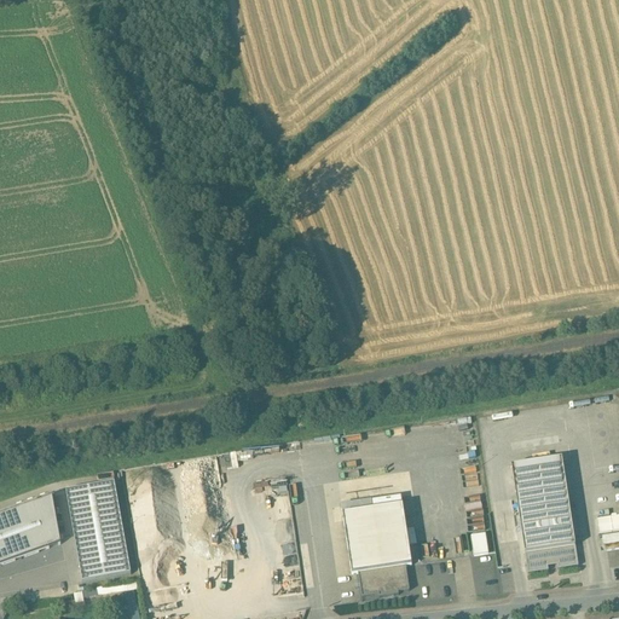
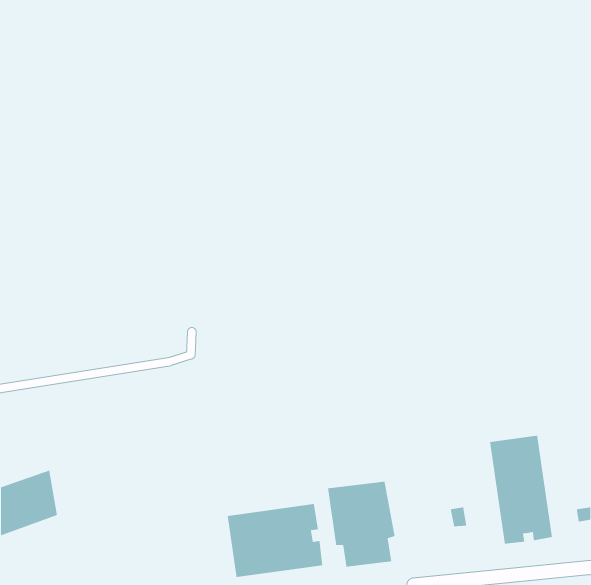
building: [66,478,132,579] -> none
building: none -> [227,503,323,578]

